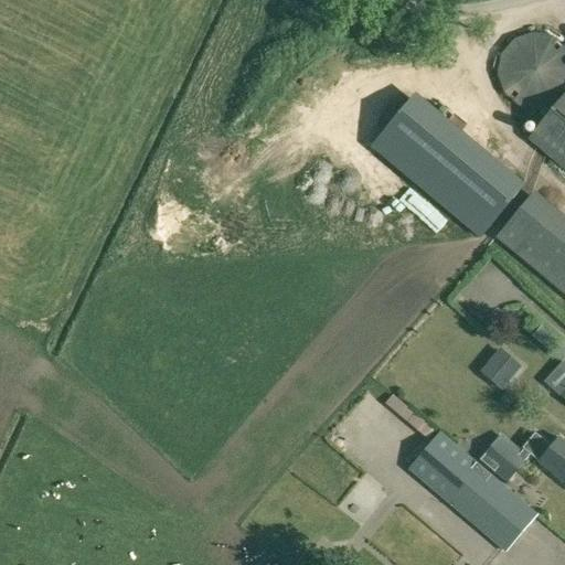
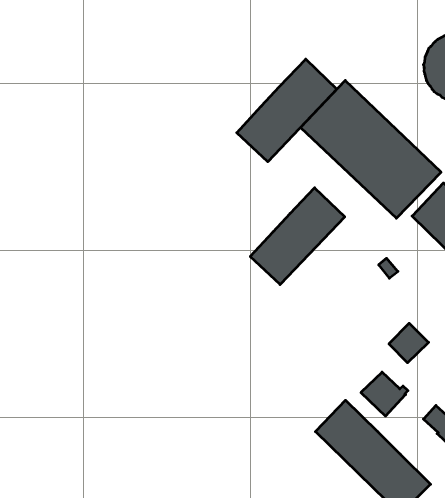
building: none -> [237,59,337,162]
building: none -> [250,188,345,285]
building: [480,435,530,481] -> [361,372,408,416]

